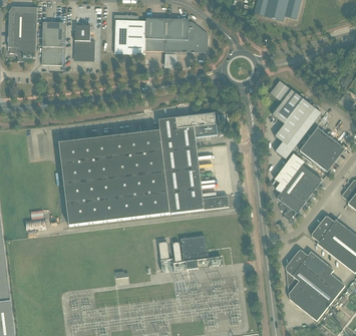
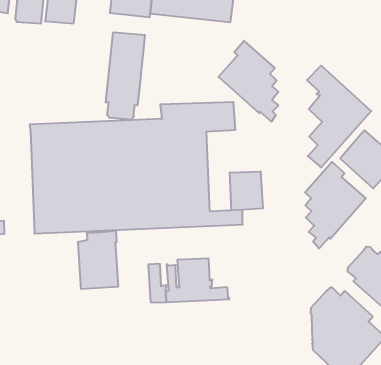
building: none -> [218,41,278,122]
building: none -> [106,32,145,120]
building: none -> [230,171,263,210]
building: none -> [78,230,118,289]

